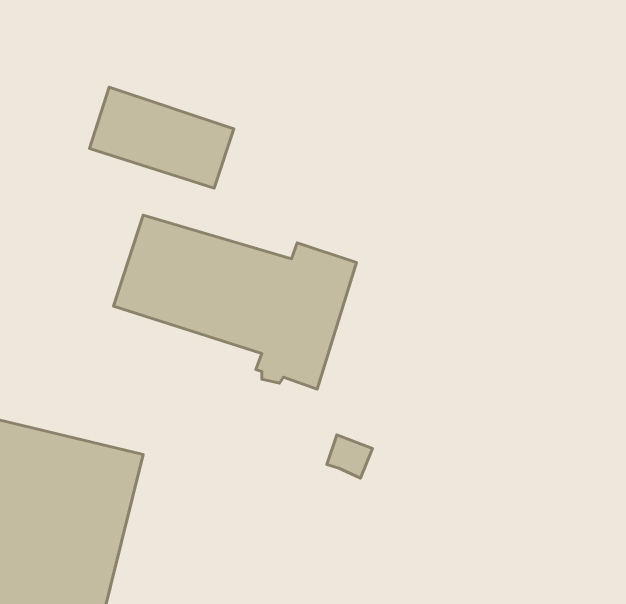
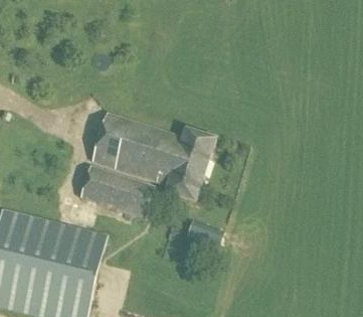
building: [90,87,234,188] -> [79,166,153,217]

